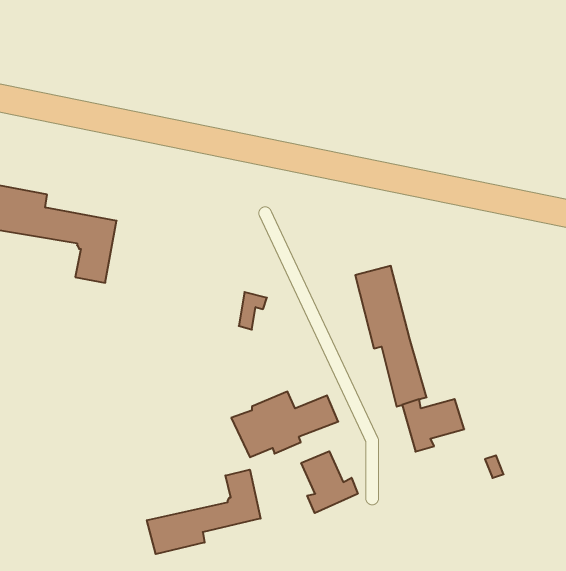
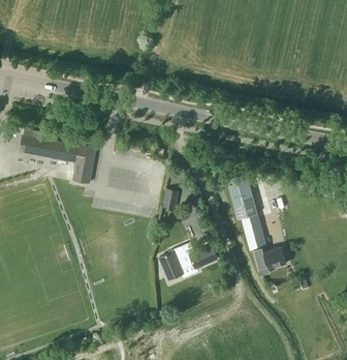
building: [301,451,358,513] -> none
building: [147,470,261,554] -> none

